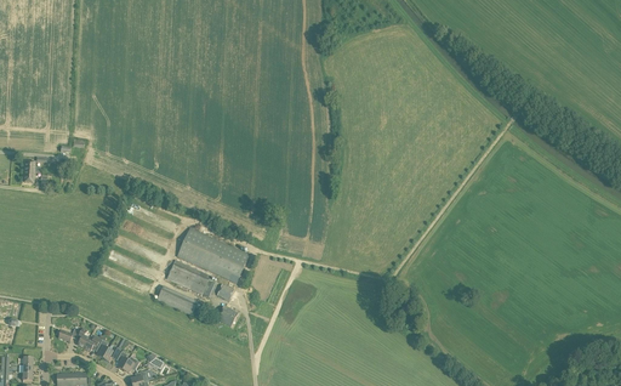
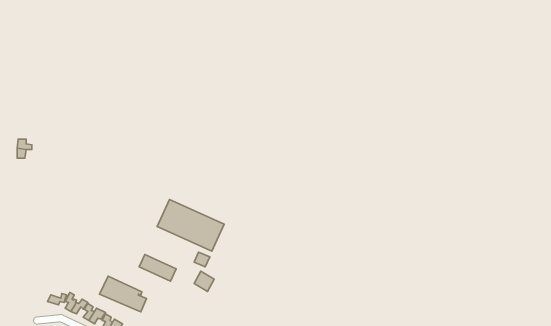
building: [166,259,217,297] -> [99,276,146,312]

